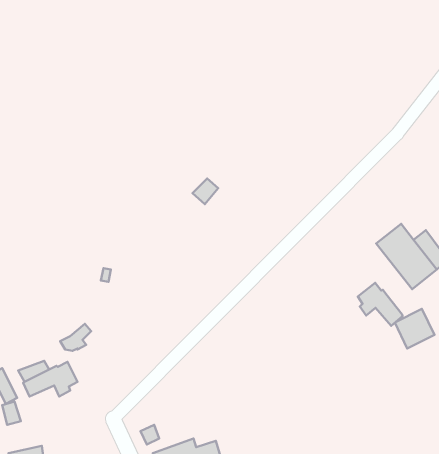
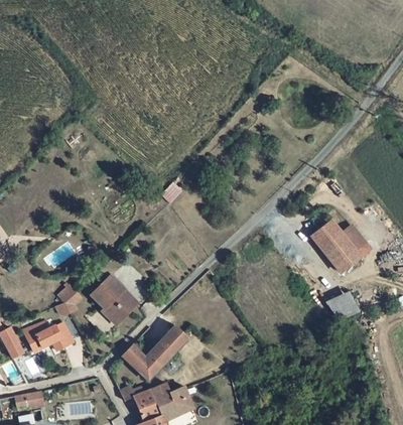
building: [358,283,403,326] -> none
building: none -> [96,277,135,321]
building: none -> [122,332,185,379]

